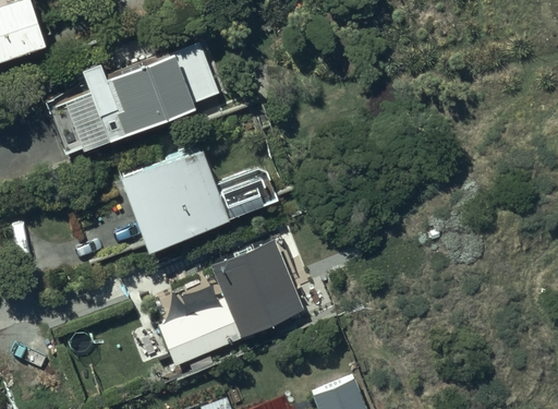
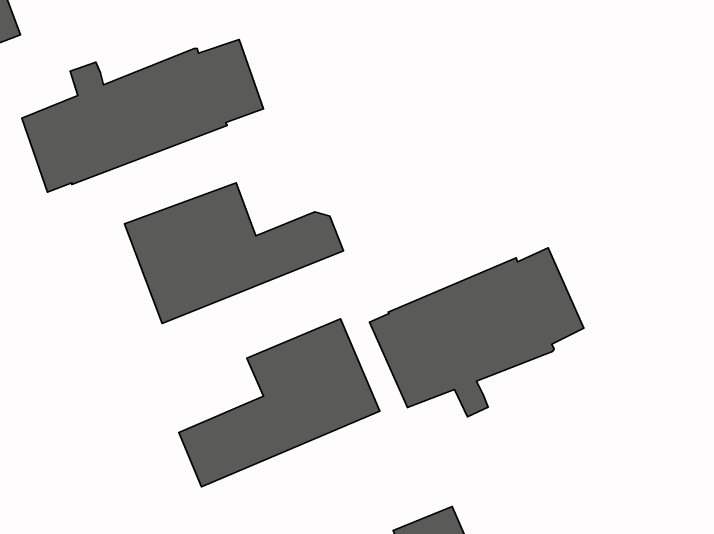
building: none -> [369,248,584,417]

